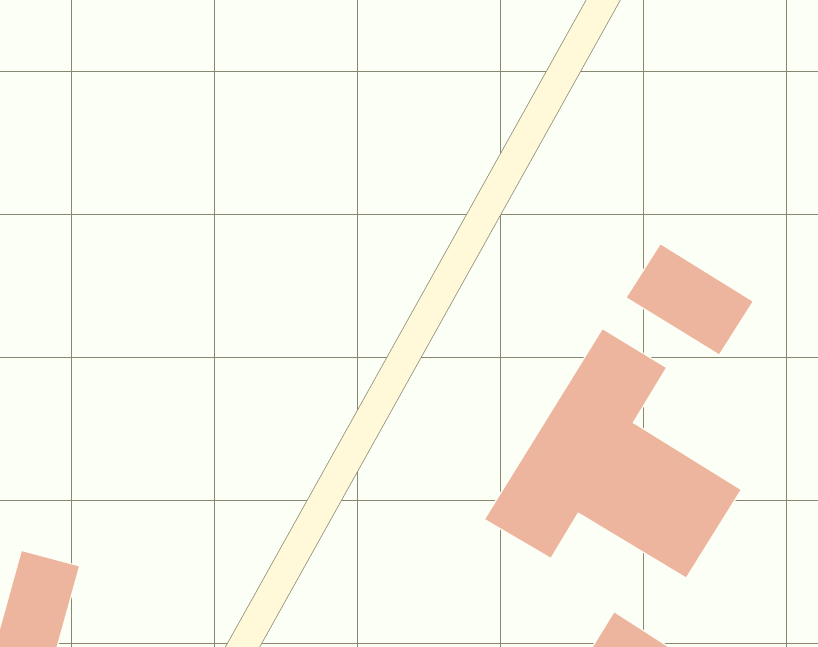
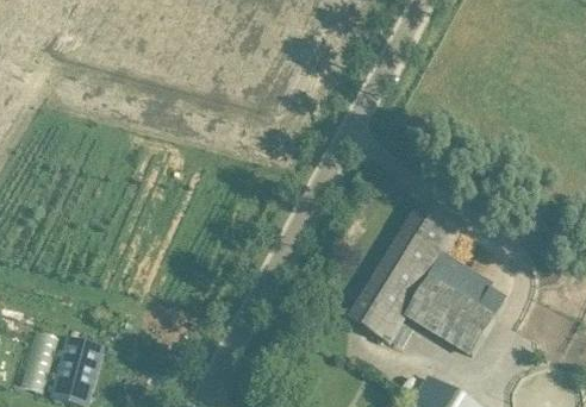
building: [626,243,754,355] -> none

